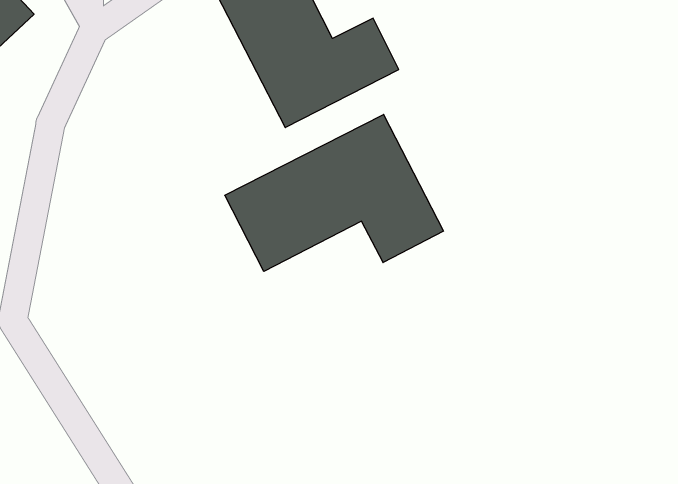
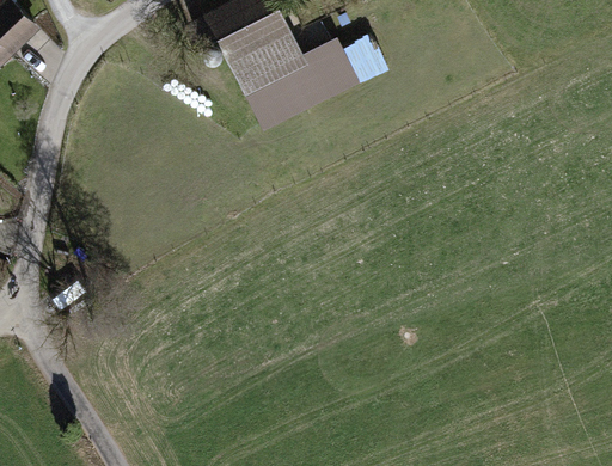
building: [225,114,443,271] -> none

